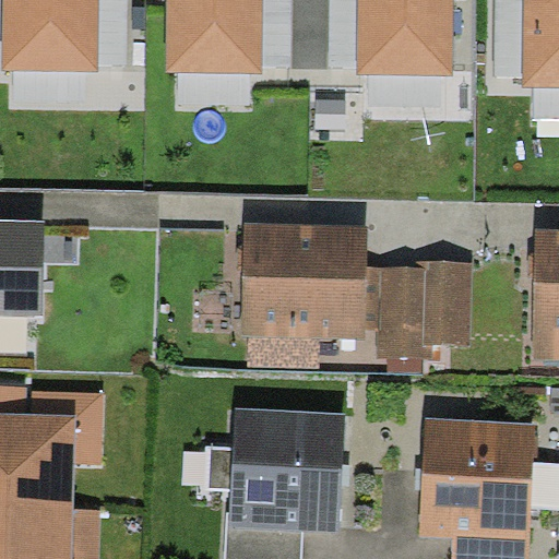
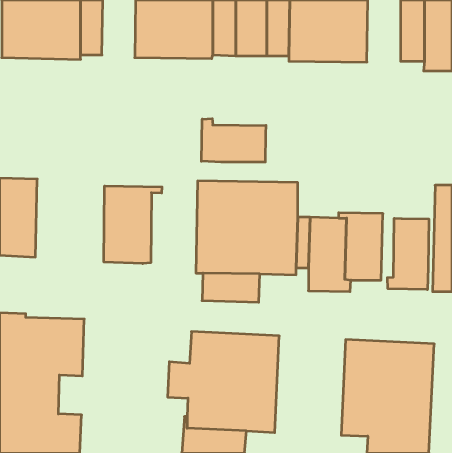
building: none -> [201,119,266,162]
building: none -> [104,186,162,264]
building: none -> [387,218,429,290]

